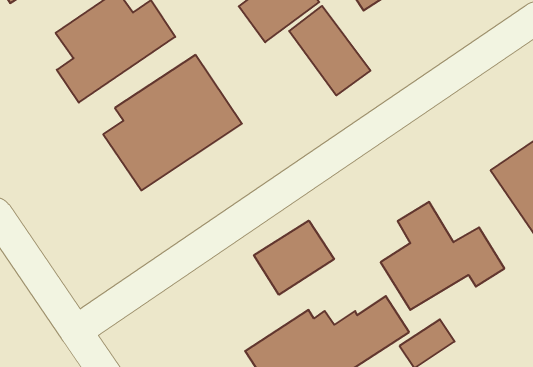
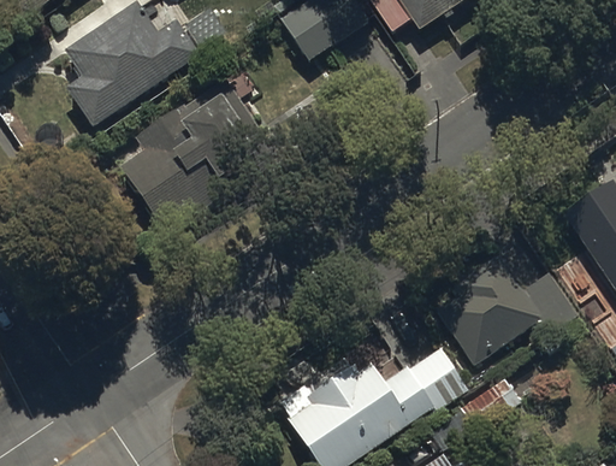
building: [289,6,370,95] -> none
building: [254,221,334,295] -> none

